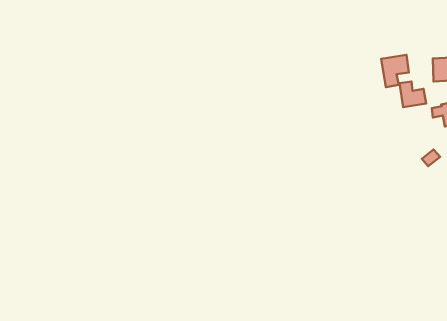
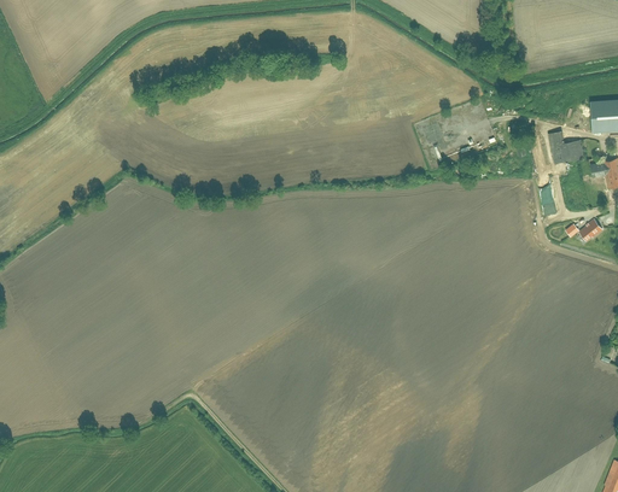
building: [381,55,409,87] -> none

